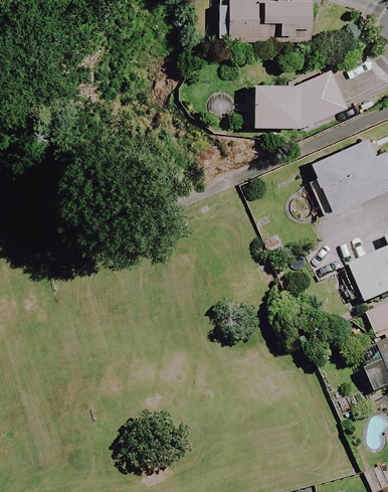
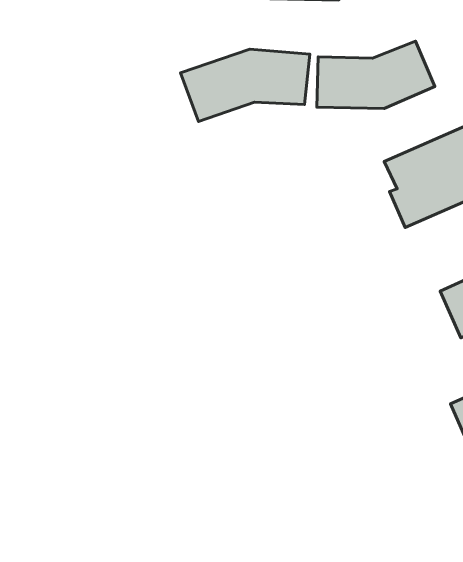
building: none -> [180,49,310,121]

